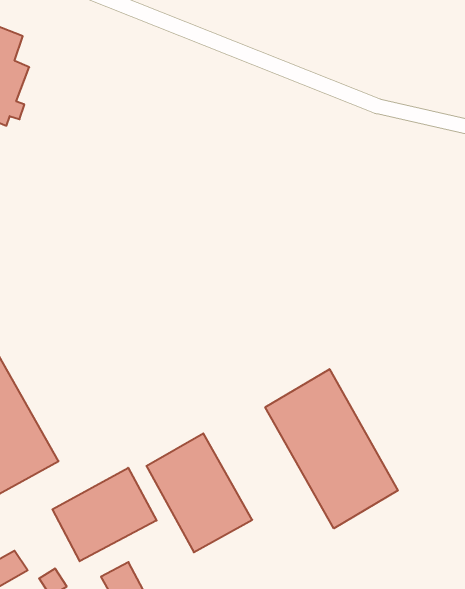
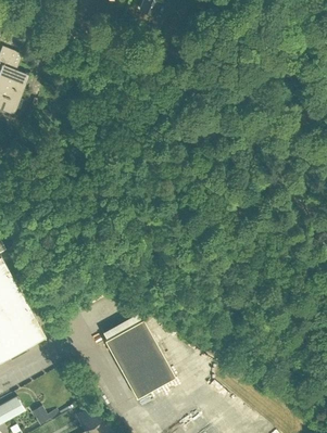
building: [265,369,398,528] -> none
building: [52,468,157,561] -> none

